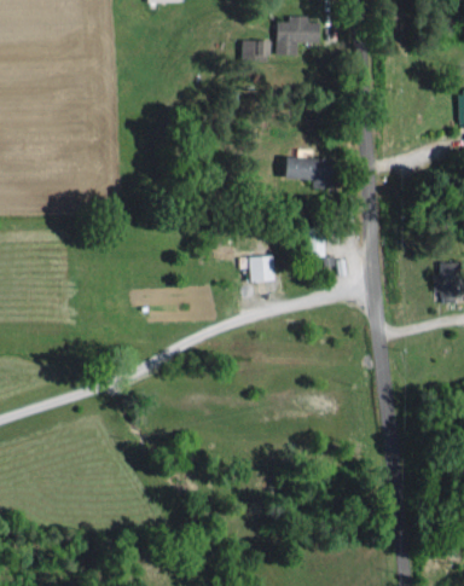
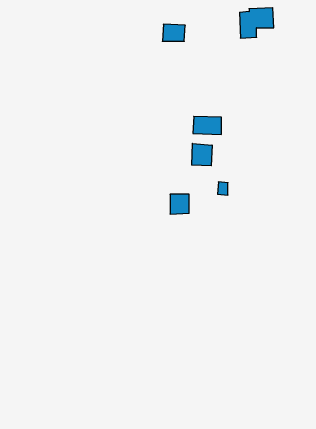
building: [276,17,319,56] -> [240,8,274,38]
building: none -> [192,143,212,166]

